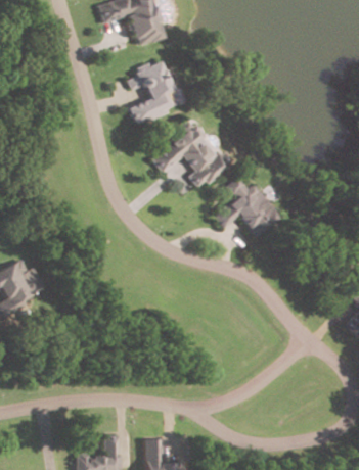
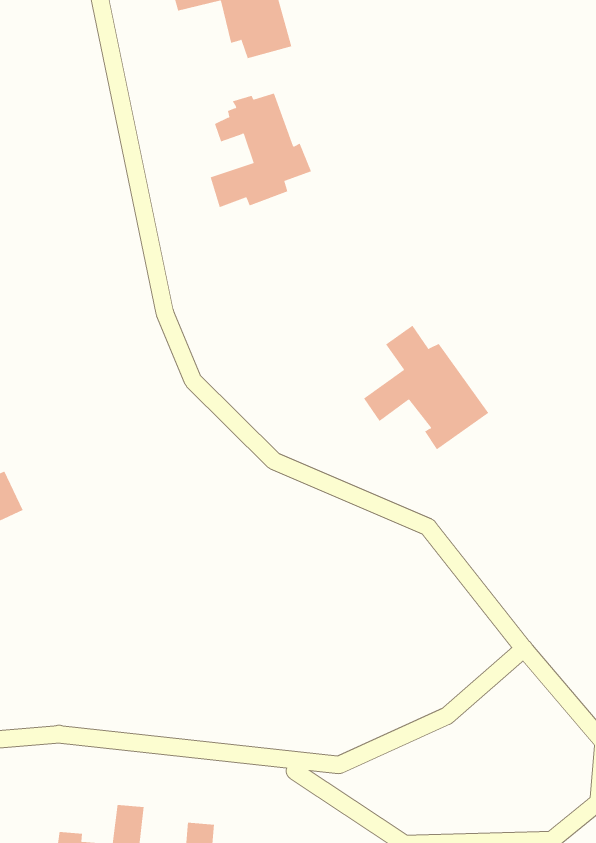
building: [150,118,231,191] -> none

